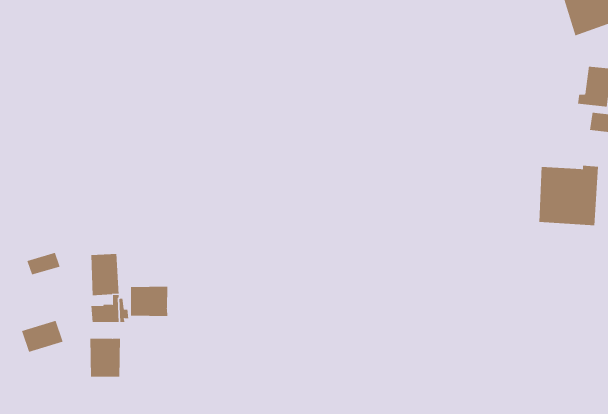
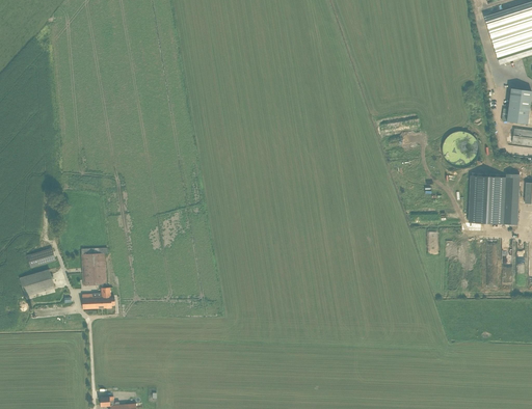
building: [130,286,168,317] -> none
building: [21,320,64,353] -> [19,268,55,296]
building: [90,338,121,377] -> none

